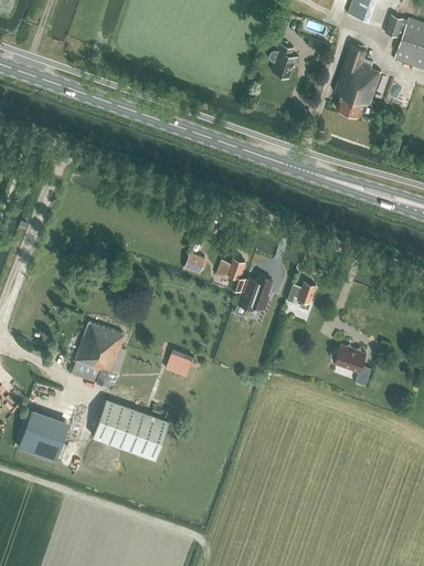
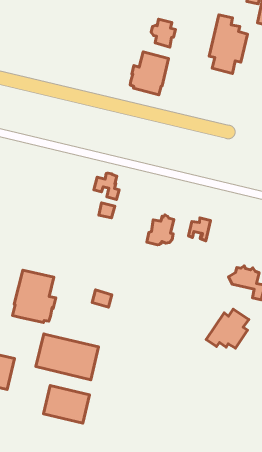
building: none -> [130,52,169,95]
building: [215,258,245,290] -> [94,173,119,200]
building: none -> [206,309,249,348]
building: none -> [43,385,90,423]

